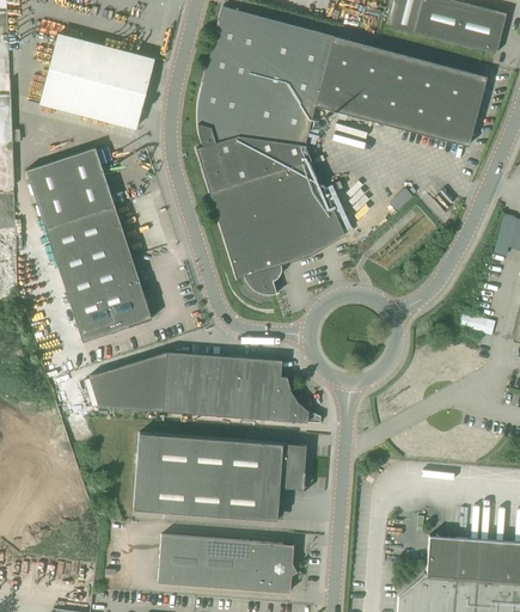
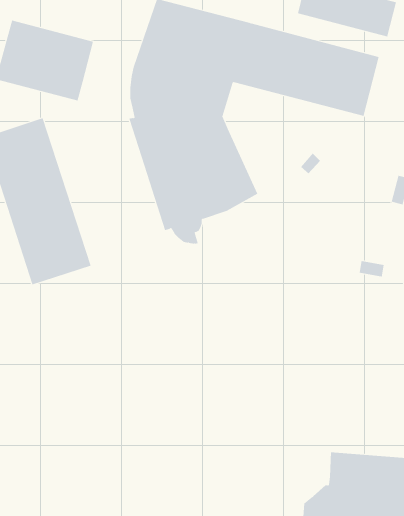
building: [90,351,320,423] -> none
building: [134,433,306,520] -> none
building: [158,534,296,592] -> none

